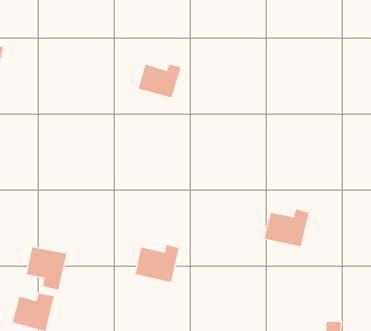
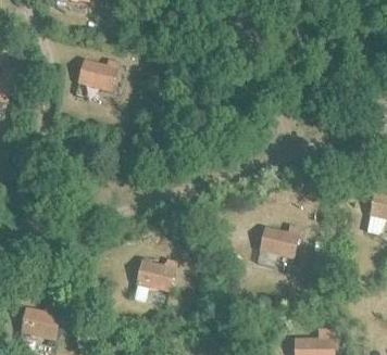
building: [138,64,181,98] -> [78,61,120,93]
building: [26,247,67,291] -> none

